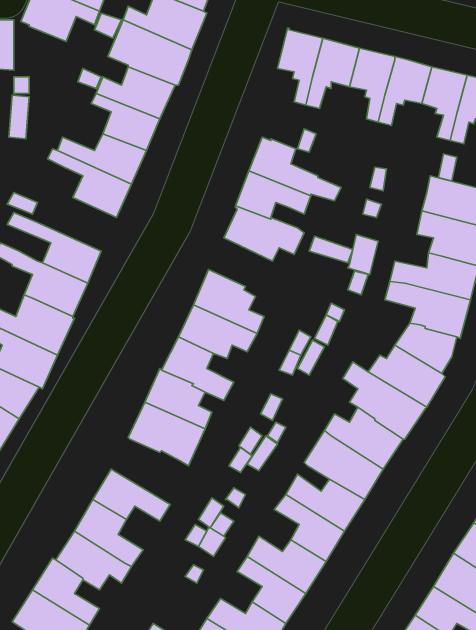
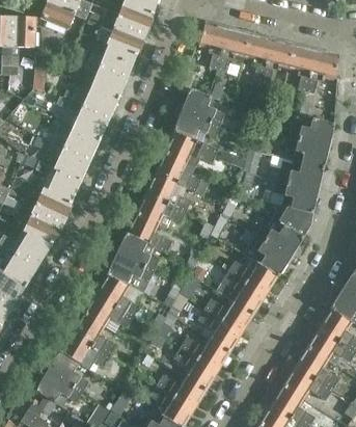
building: none -> [51,127,100,160]
building: none -> [157,152,209,195]
building: none -> [97,276,140,317]

